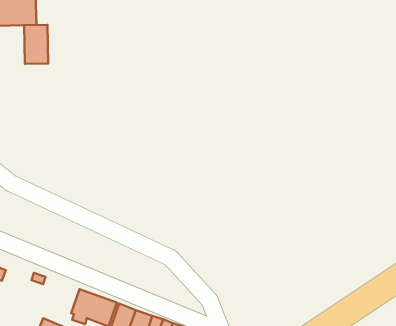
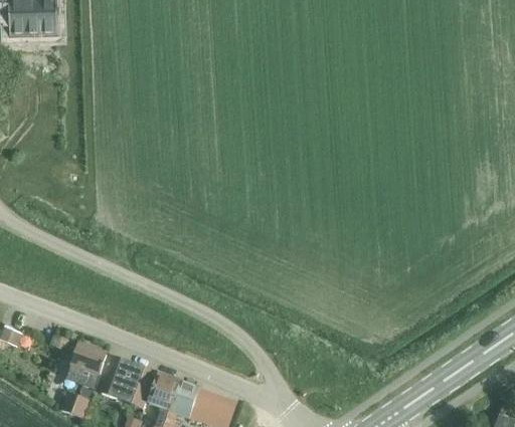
building: [24,25,48,64] -> none
building: none -> [67,344,106,383]

